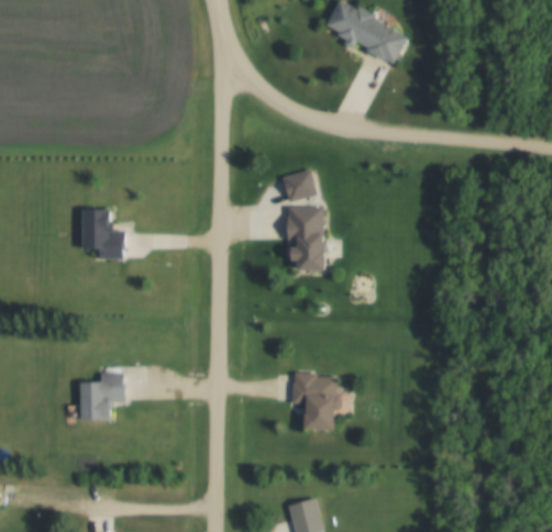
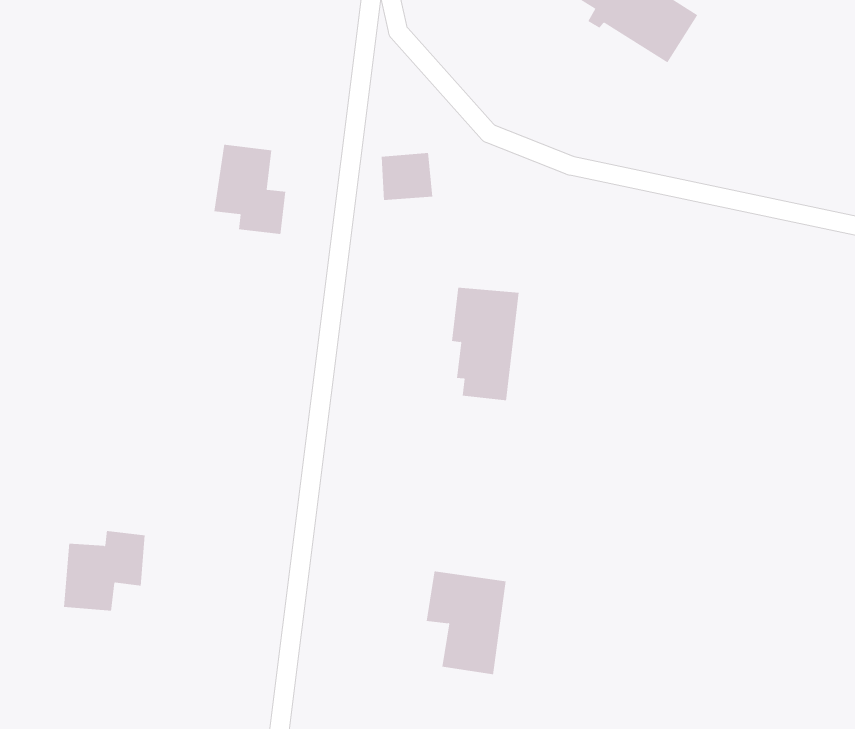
building: [283,170,316,201] -> [381,153,433,200]
building: [81,210,122,258] -> [214,144,286,235]

